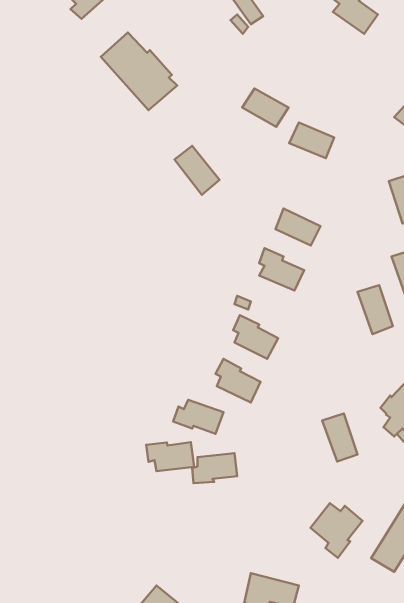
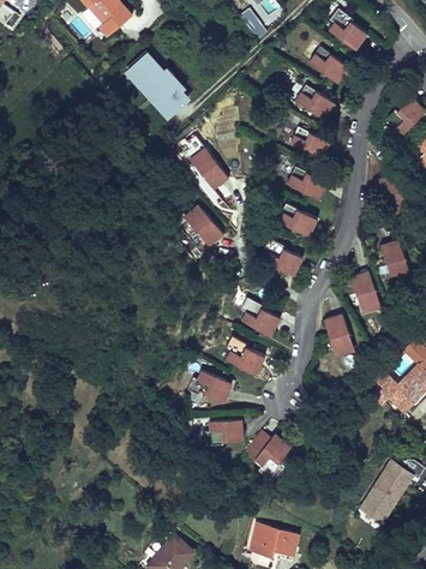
building: none -> [310,48,349,84]
building: [242,89,289,127] -> [295,86,336,120]
building: none -> [288,168,328,199]
building: none -> [184,206,223,247]
building: [322,414,358,461] -> [324,315,355,357]
building: [146,442,194,471] -> none
building: [311,503,362,558] -> [246,431,292,479]

